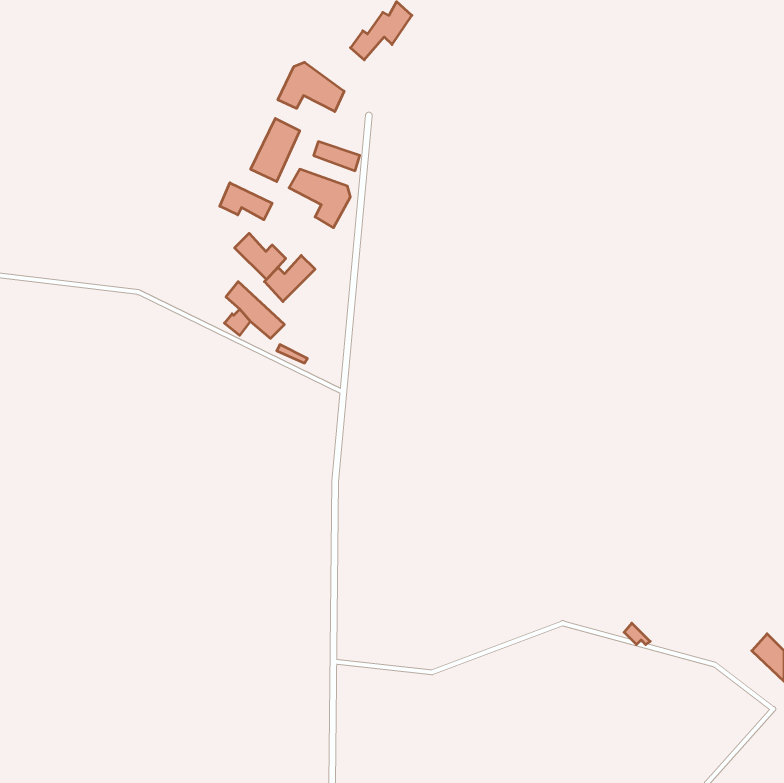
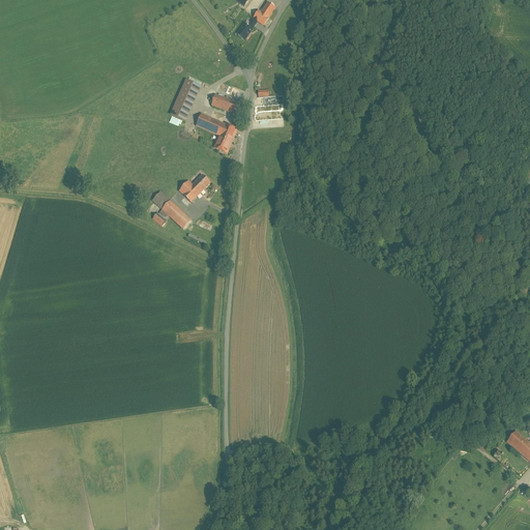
building: [278,62,344,112] -> none
building: [220,183,272,220] -> none
building: [235,233,286,280] -> none

